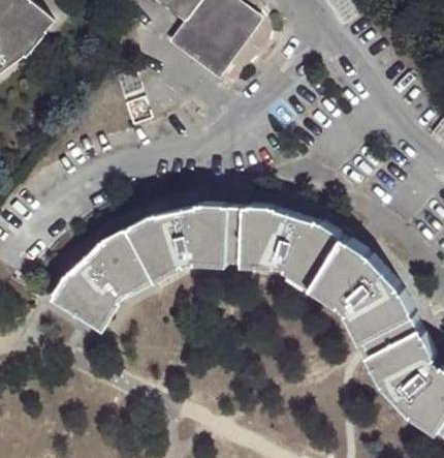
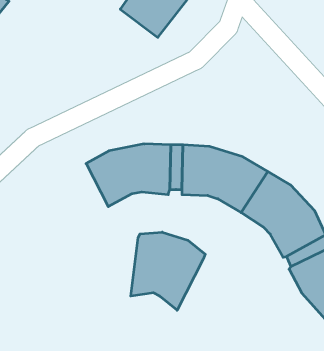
building: [50,232,155,334] -> none
building: none -> [131,232,205,310]

